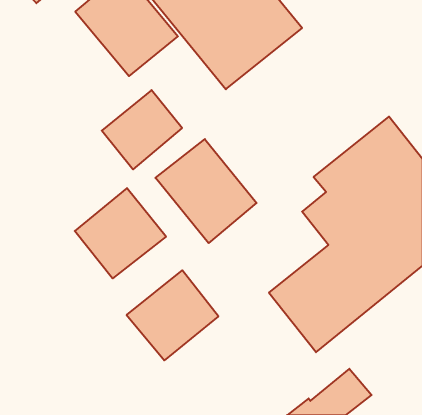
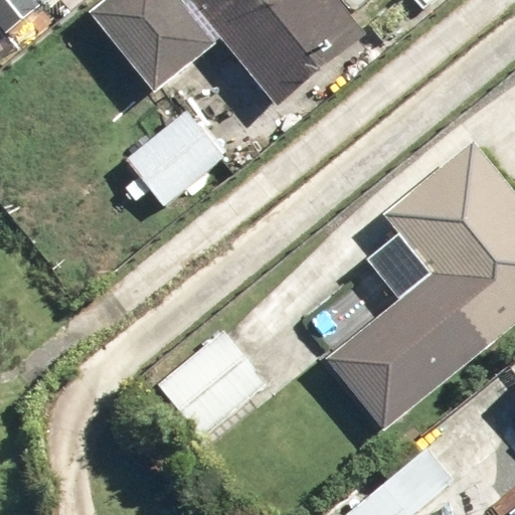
building: [155,139,257,243] -> none
building: [75,188,166,278] -> none

